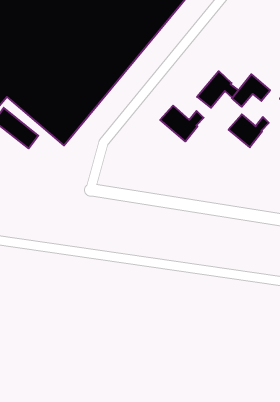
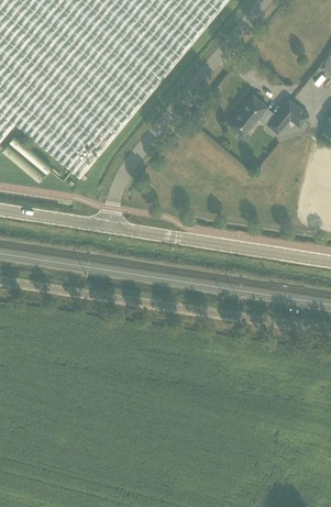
building: [160,106,204,141] -> none
building: [229,114,269,147] -> none

